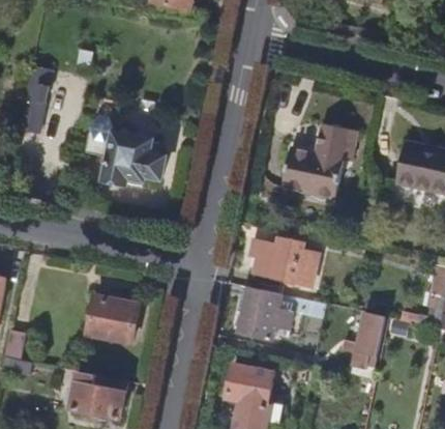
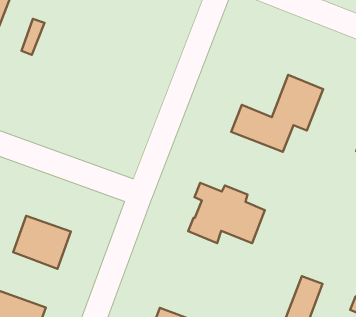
building: [85,114,165,187] -> none
building: [238,286,291,340] -> none

